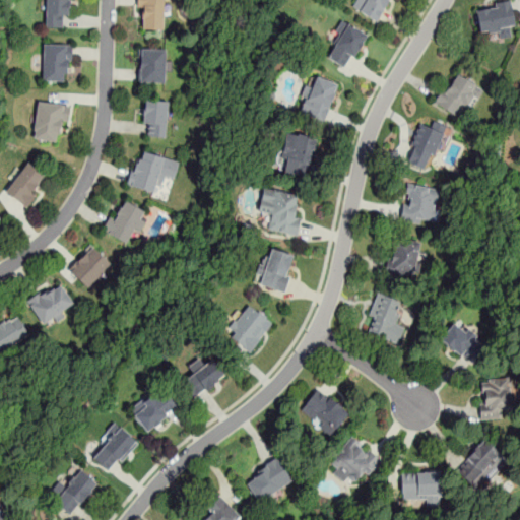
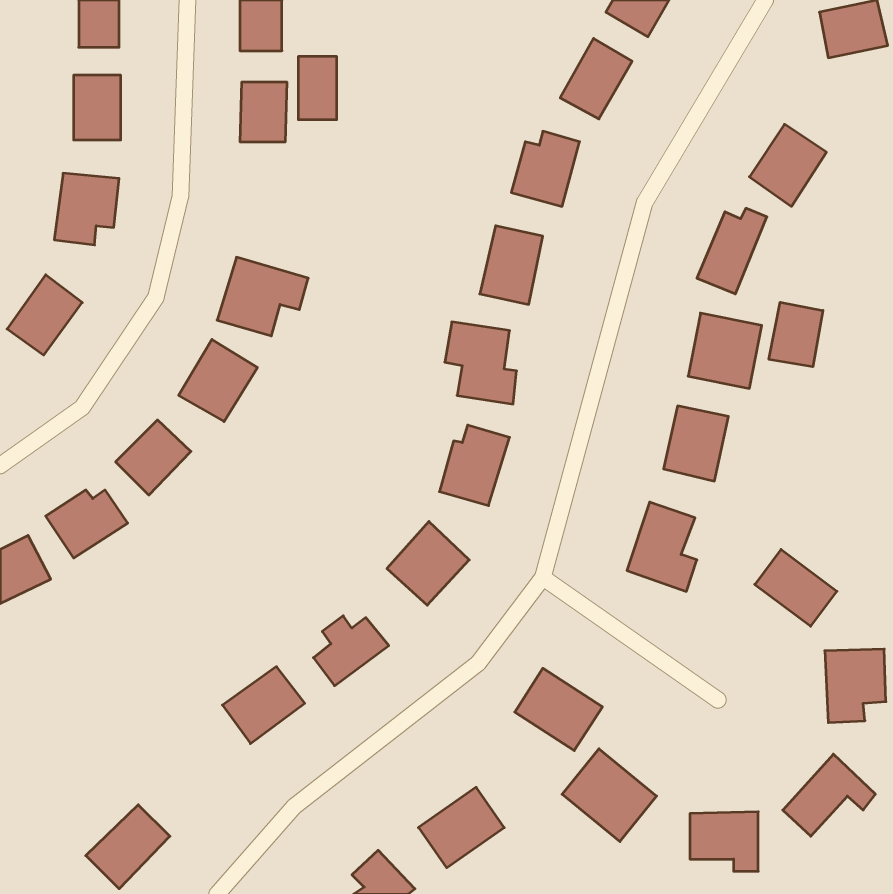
building: [145,100,168,136] -> [298,57,337,120]
building: none -> [769,302,823,367]
building: [94,421,138,473] -> none

